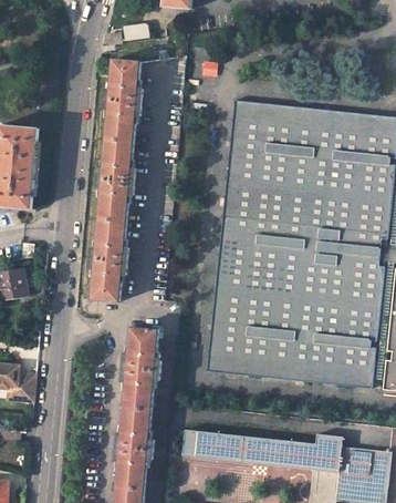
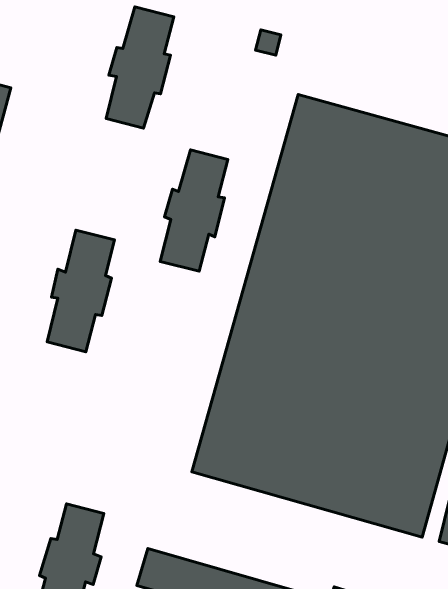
building: [96,140,135,222] -> [160,150,228,271]
building: [122,327,160,410] -> none

